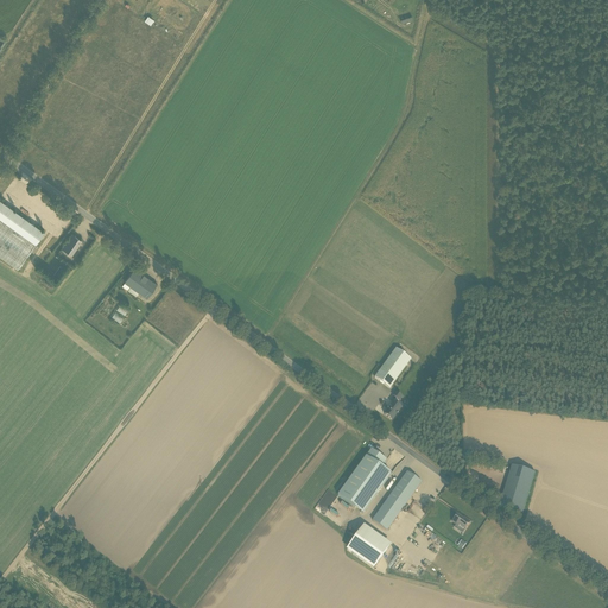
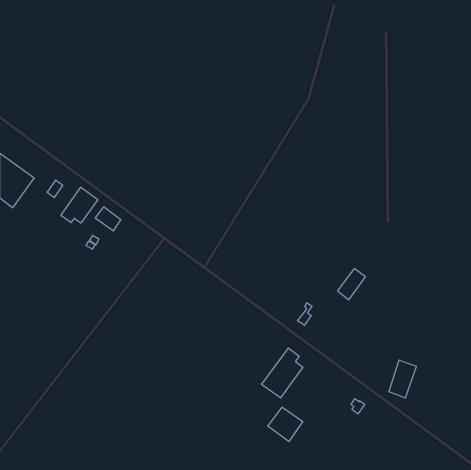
building: none -> [61,187,98,223]
building: [374,347,410,387] -> [338,269,365,300]
building: [381,470,420,515] -> none

